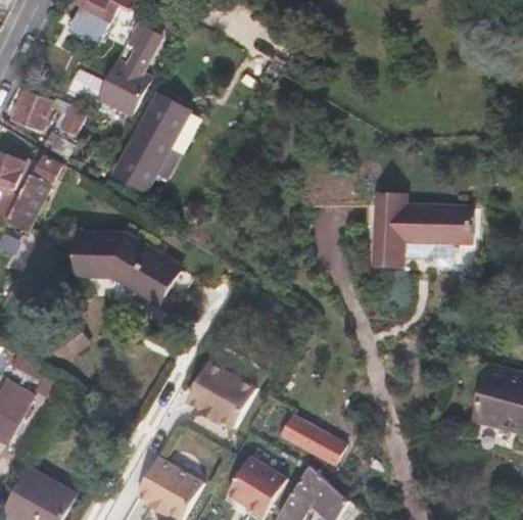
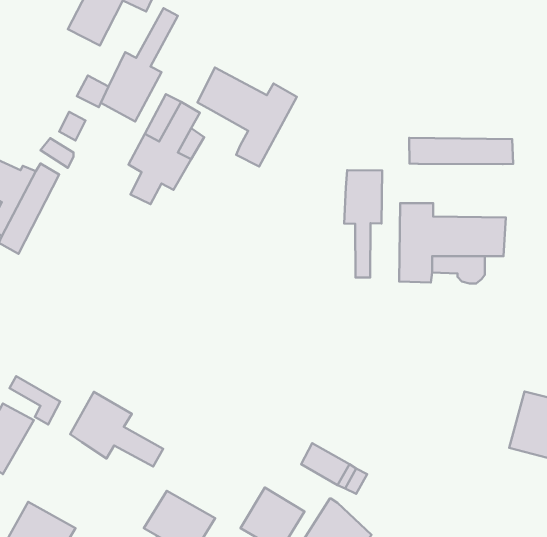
building: none -> [198,67,297,167]
building: [11,91,52,131] -> none
building: none -> [409,138,513,164]
building: none -> [344,170,382,278]
building: [79,230,182,304] -> none
building: [185,361,256,427] -> none
building: none -> [70,392,163,466]

